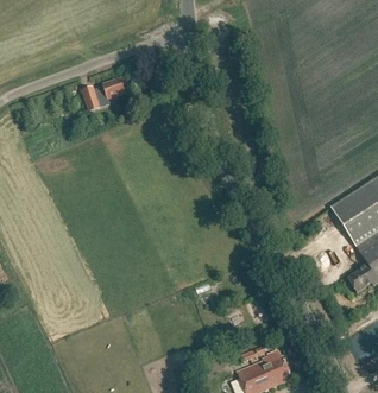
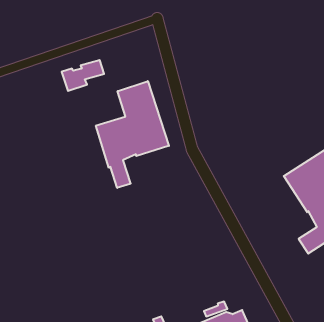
building: none -> [96,81,169,188]

